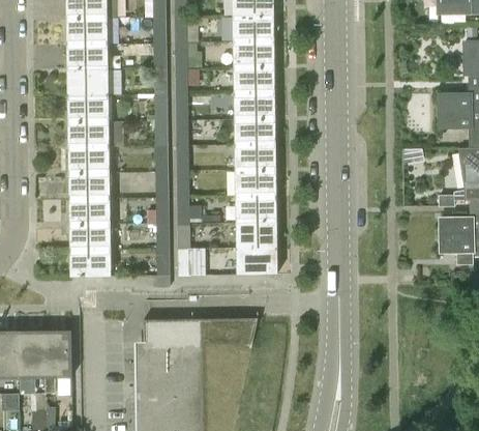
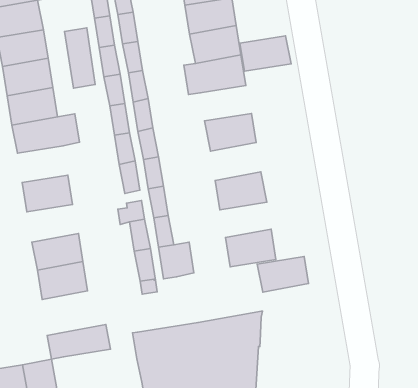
building: none -> [65,28,95,88]
building: [234,119,275,144] -> [240,36,291,71]
building: [68,146,109,172] -> none
building: [235,170,275,197] -> none
building: [68,198,110,225] -> none
building: [235,223,276,248] -> [257,257,308,292]
building: none -> [47,325,111,359]

